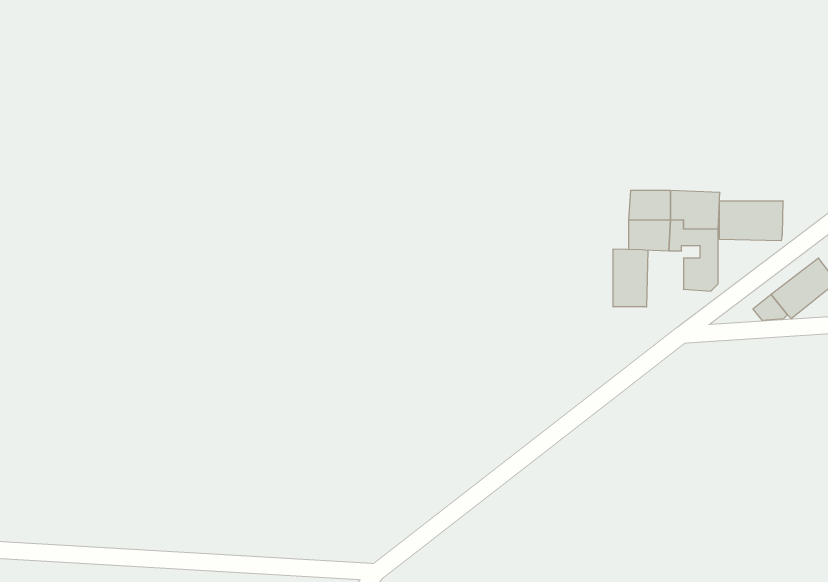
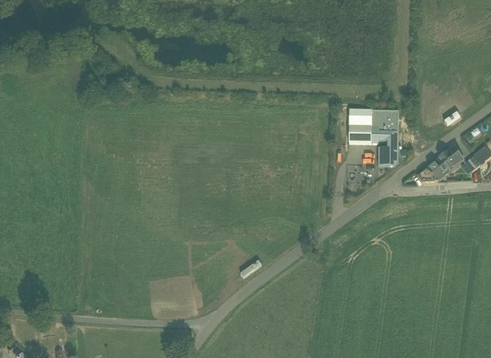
building: [720,201,783,241] -> none
building: [613,249,648,307] -> none

